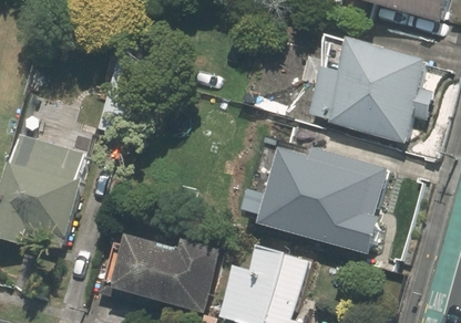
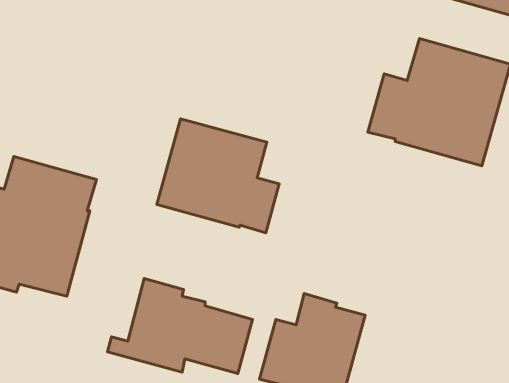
building: none -> [157,119,279,233]
building: [258,147,383,251] -> none

